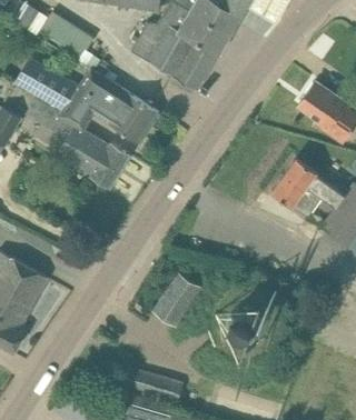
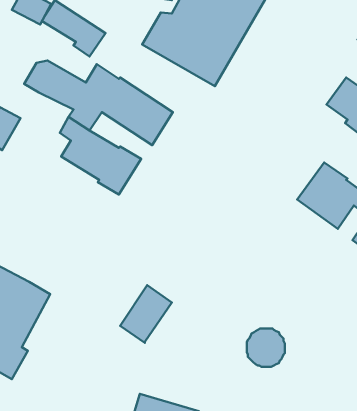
building: [154,273,200,326] -> [120,285,172,343]

